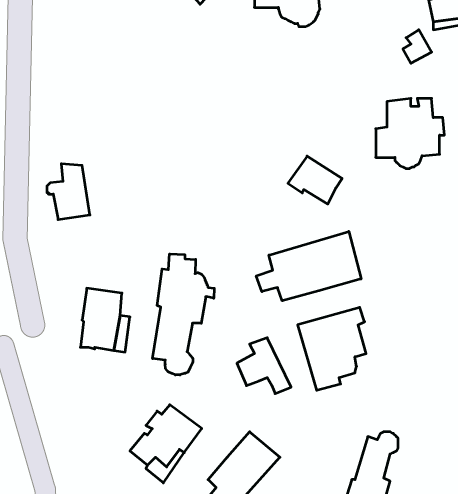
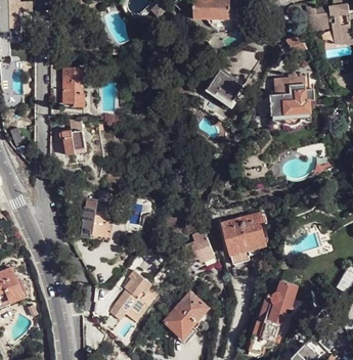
building: none -> [63,68,85,106]
building: [288,156,342,204] -> [208,71,242,101]
building: [256,231,361,301] -> none
building: [153,254,214,375] -> none

